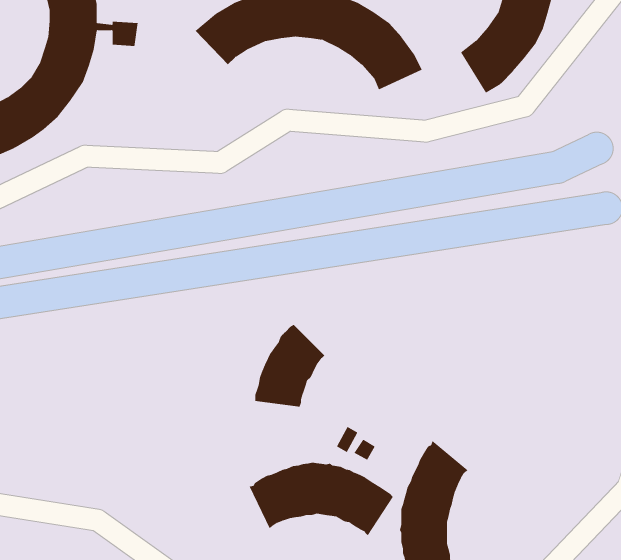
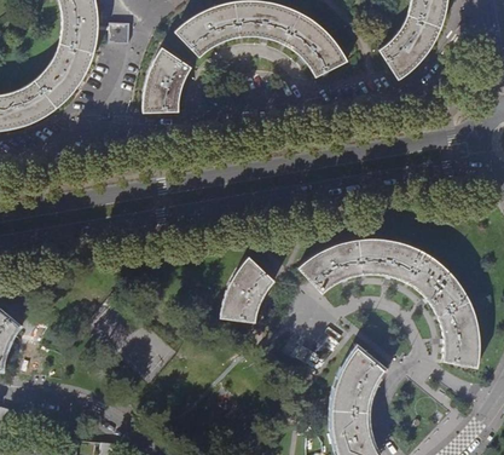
building: none -> [143,46,191,113]
building: none -> [297,237,480,367]
building: [249,462,394,536] -> none

